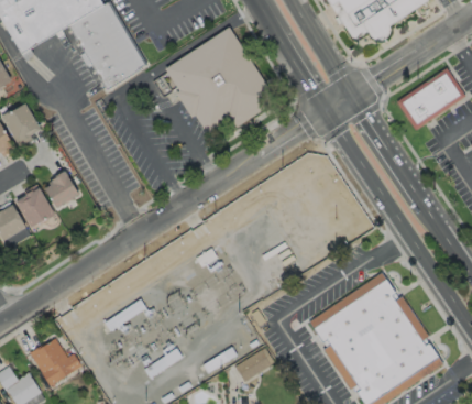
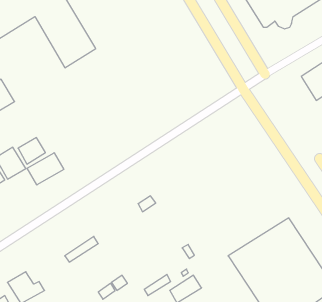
building: [162,26,277,144] -> none
building: none -> [27,153,64,185]

